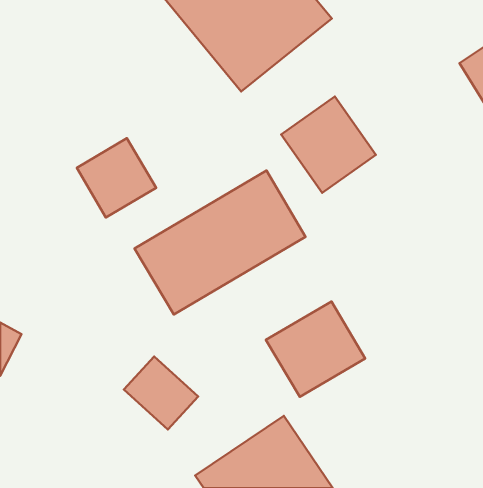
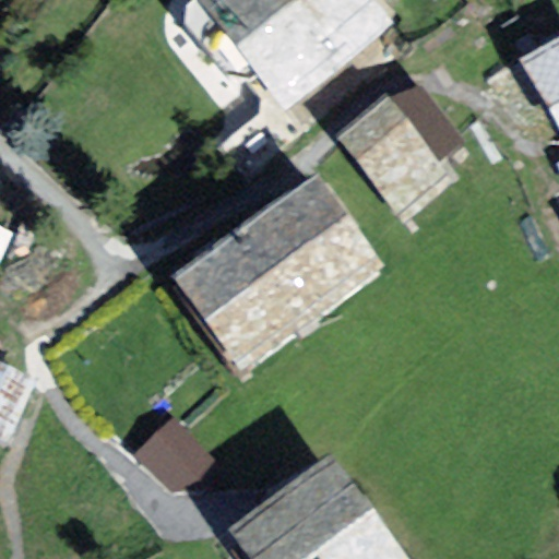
building: [77,138,156,217] -> none
building: [266,302,365,397] -> none

